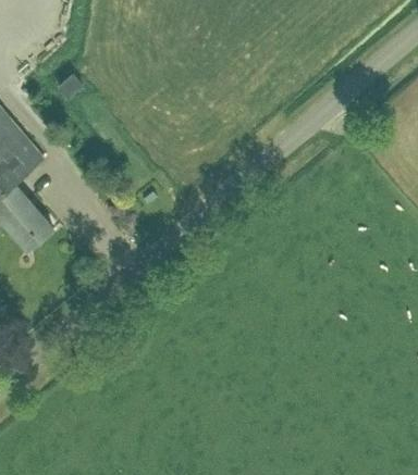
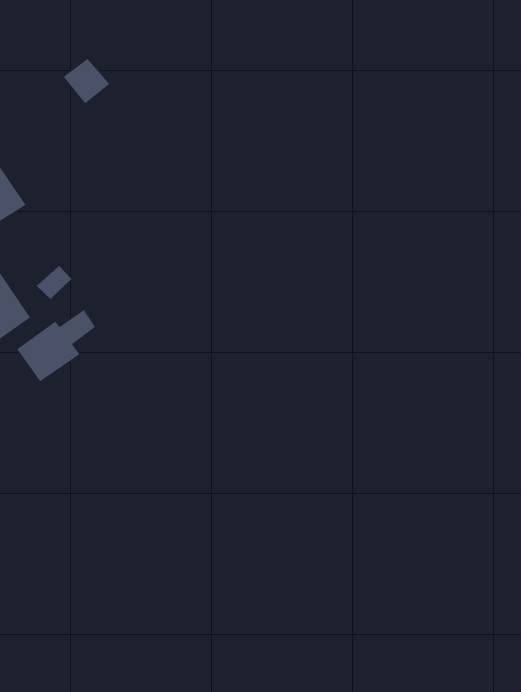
building: none -> [17,309,96,382]

